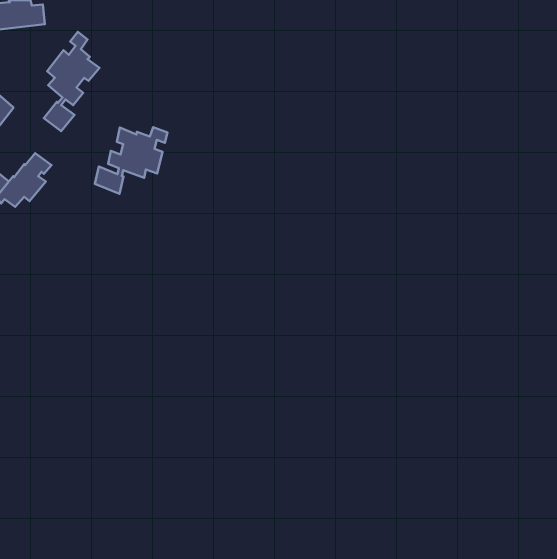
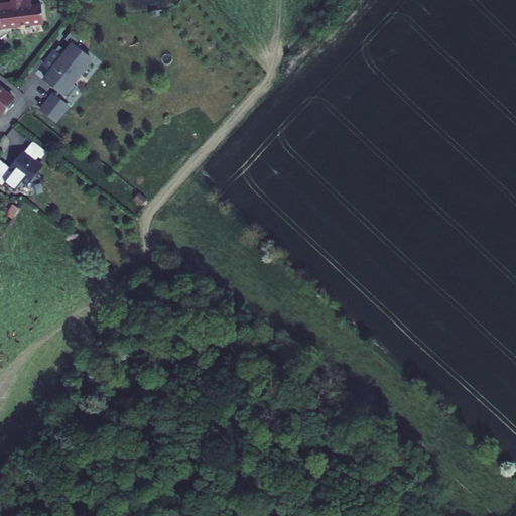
building: [95,127,167,194] -> none

